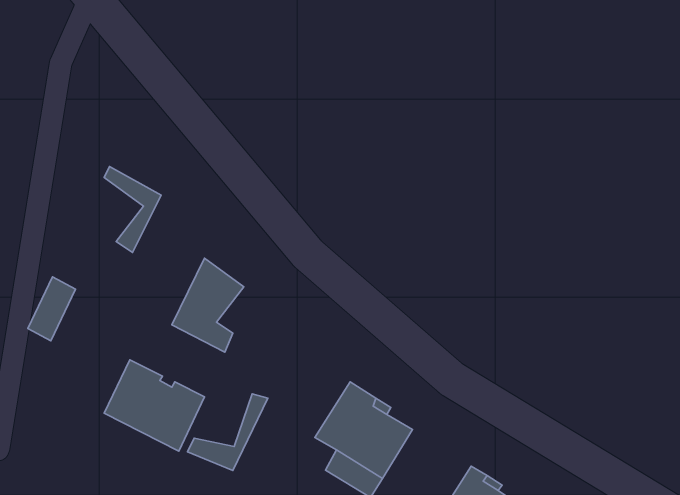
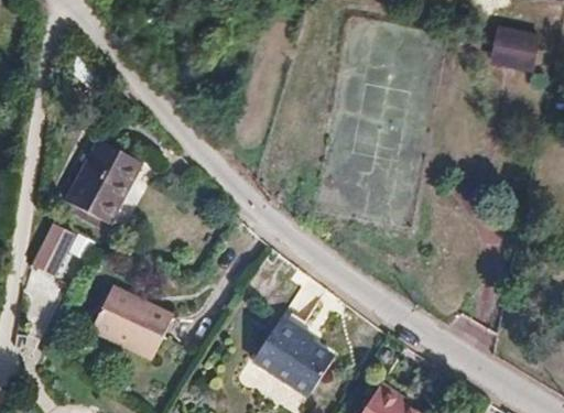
building: none -> [489,21,543,68]
building: [172,258,244,352] -> [64,149,122,225]
building: [188,394,268,471] -> none

